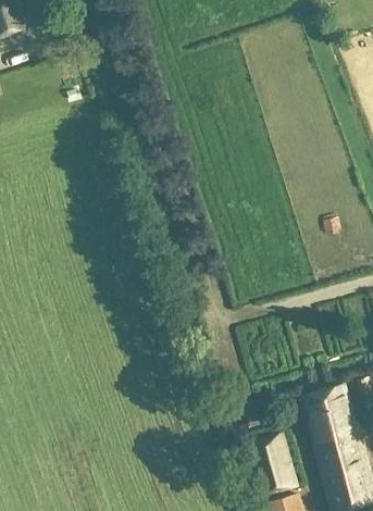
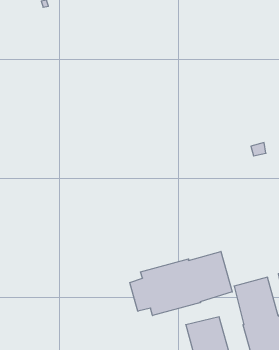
building: none -> [130,251,232,316]

